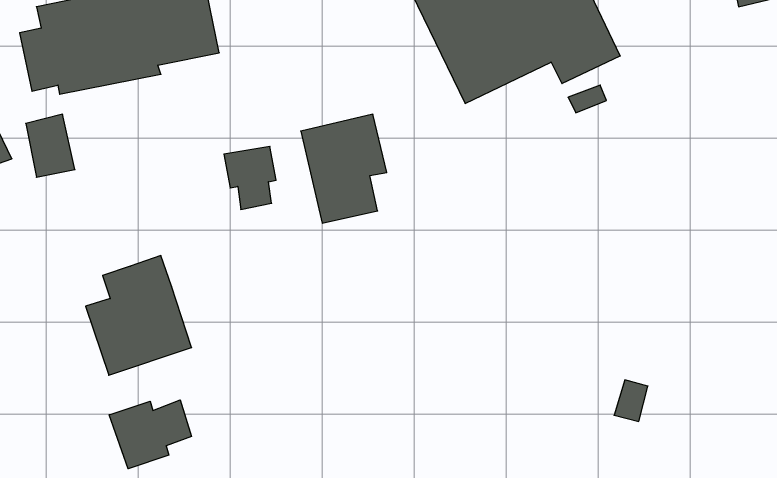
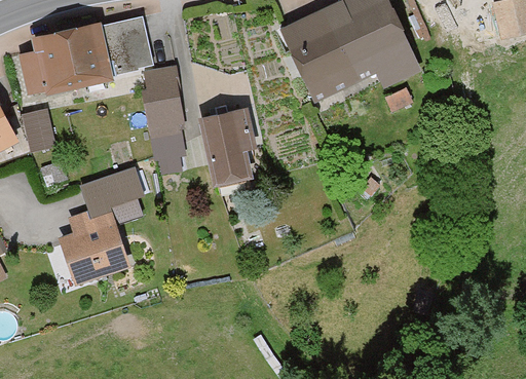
building: none -> [140,66,184,132]
building: none -> [80,166,144,224]
building: [109,400,192,469] -> none

